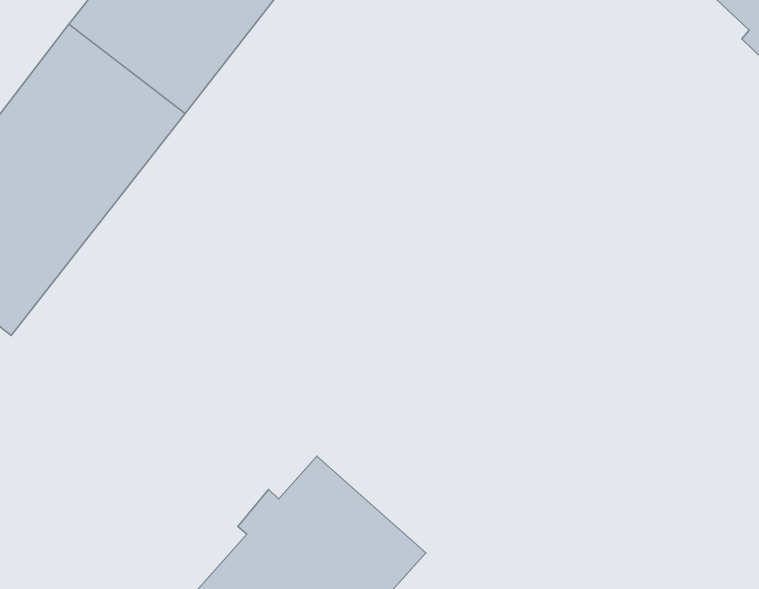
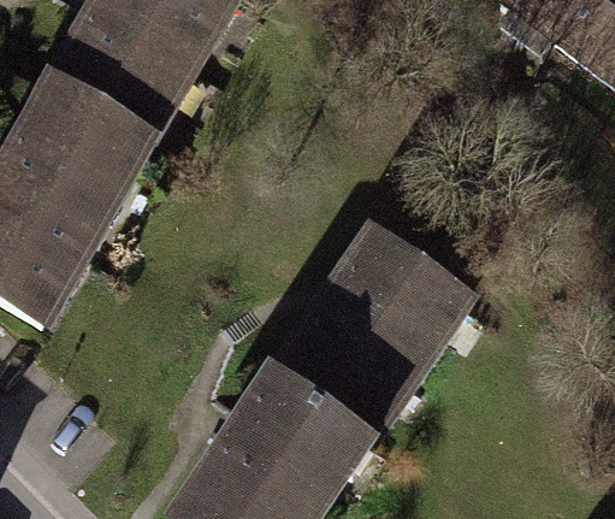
building: none -> [276,236,465,443]

